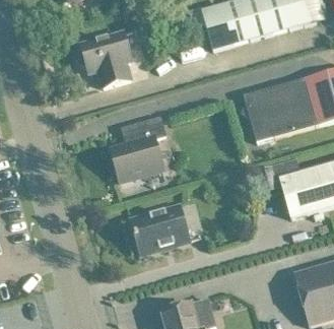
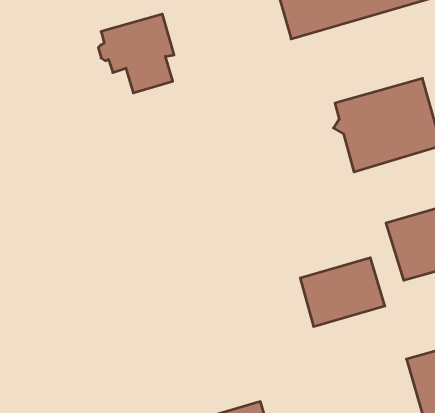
building: [111,116,165,180] -> none
building: [131,205,190,253] -> [300,258,385,326]

